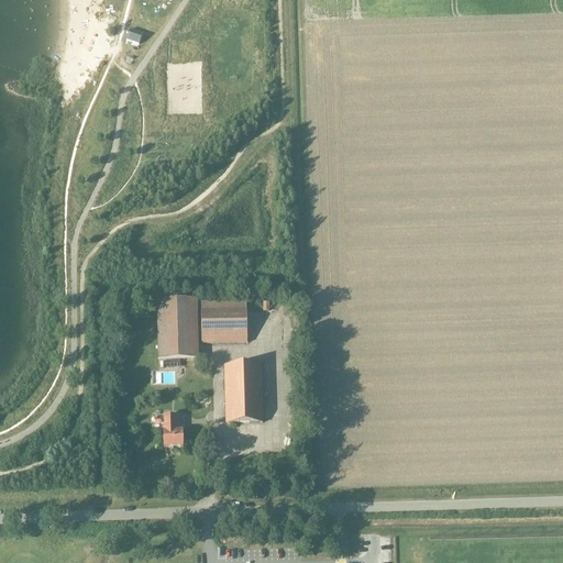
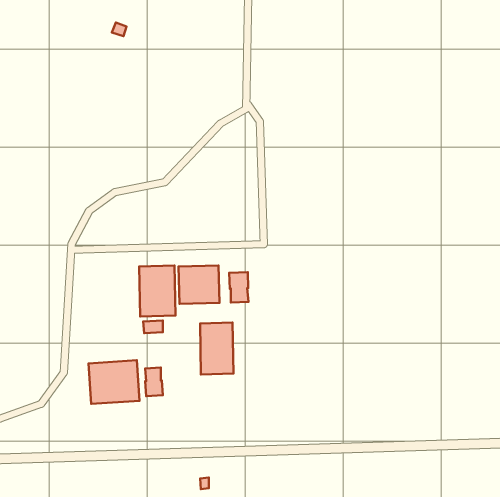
building: none -> [229,272,248,302]
building: none -> [89,360,139,404]

